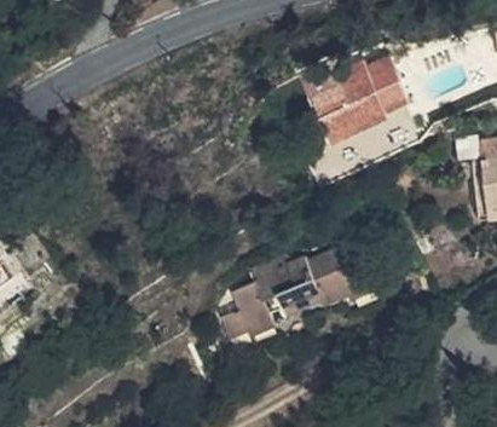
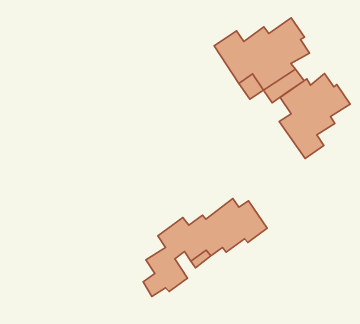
building: none -> [279,74,350,159]

